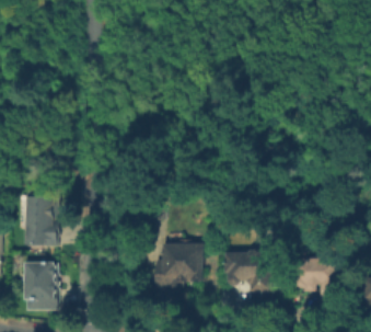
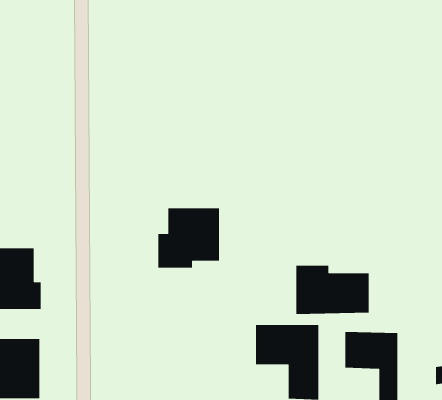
building: none -> [296,265,369,315]
building: [151,241,199,288] -> [157,208,220,268]

